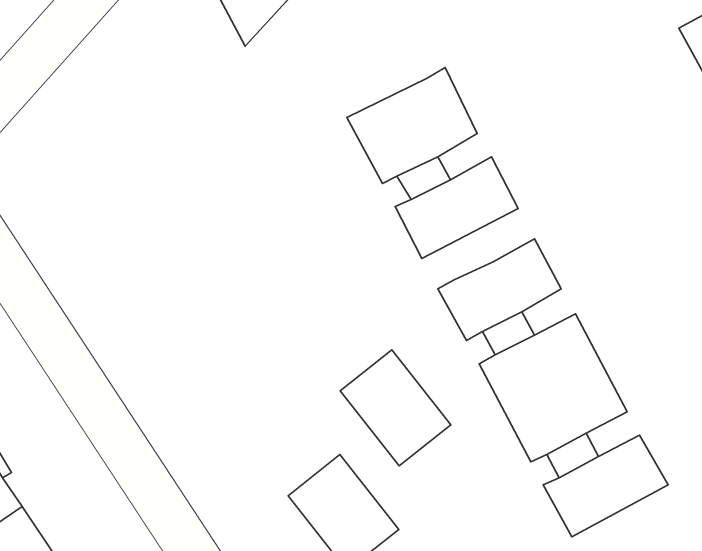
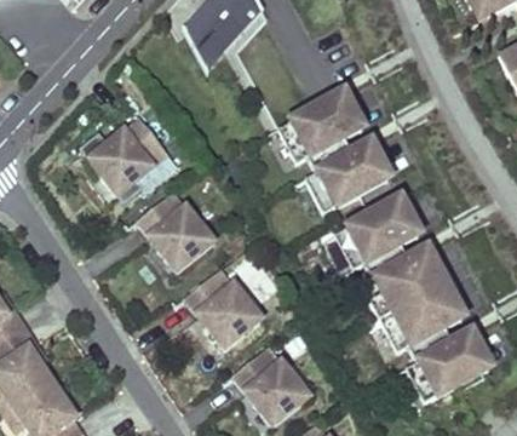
building: none -> [82,117,171,200]
building: none -> [139,190,216,269]
building: [340,350,451,466] -> [188,268,263,346]

